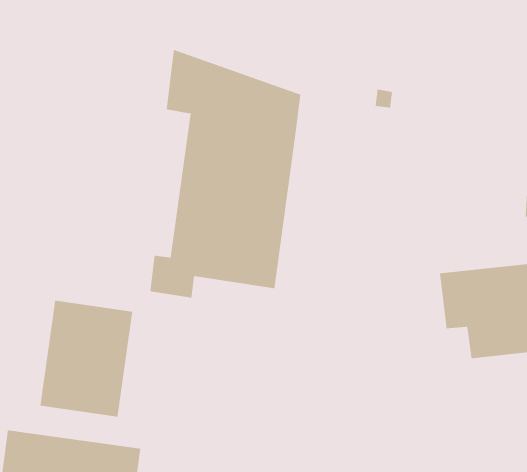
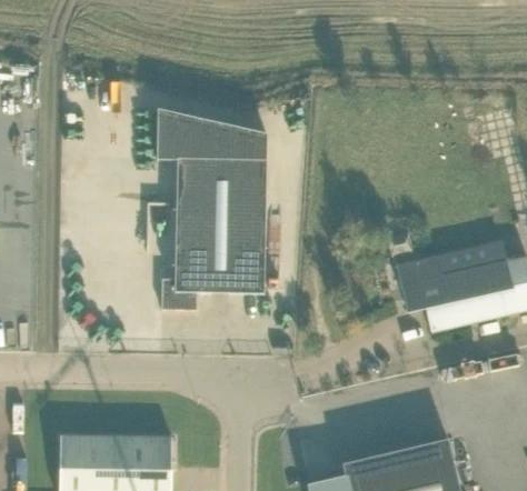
building: [40,300,133,417] -> none

